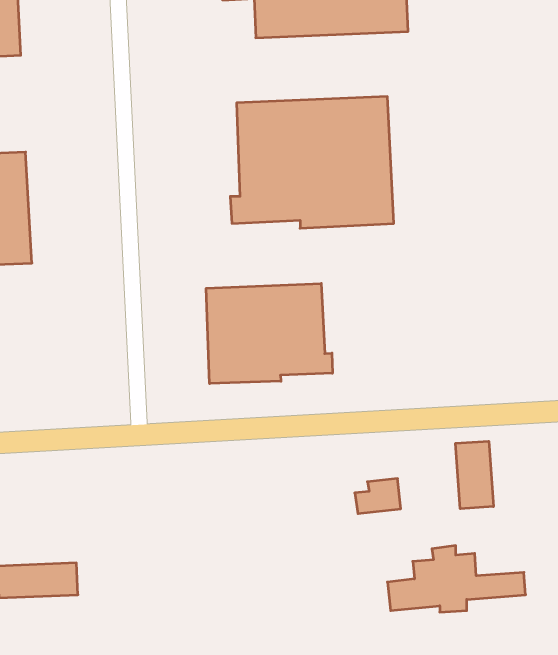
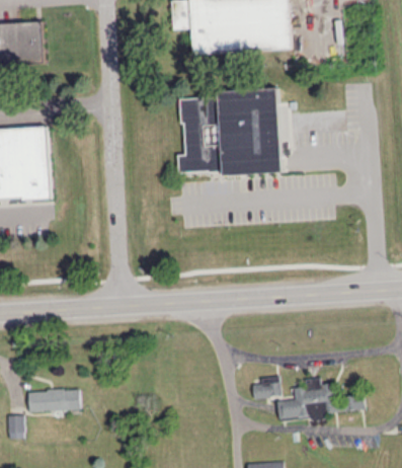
building: [206,283,332,384] -> none
building: [456,441,493,509] -> none
building: [355,479,401,514] -> [252,376,282,398]

